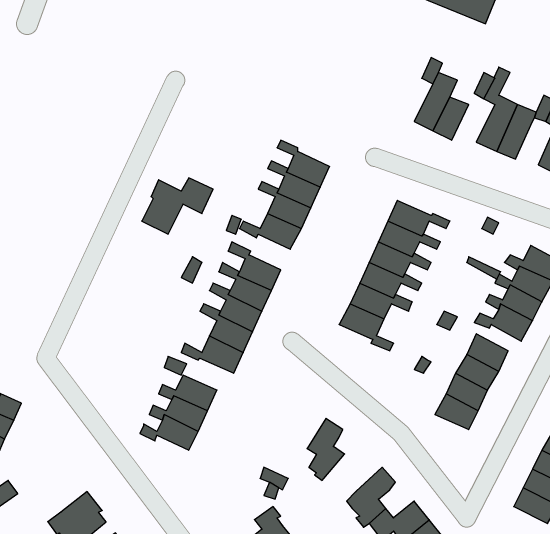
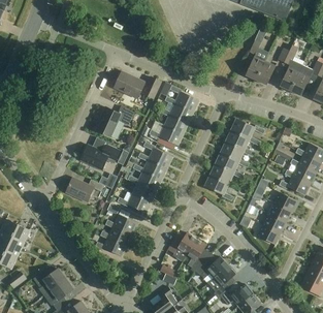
building: none -> [114,71,160,98]
building: none -> [79,145,119,169]
building: none -> [65,178,103,201]
building: none -> [167,231,196,258]
building: none -> [191,256,227,278]
building: none -> [32,268,65,294]

